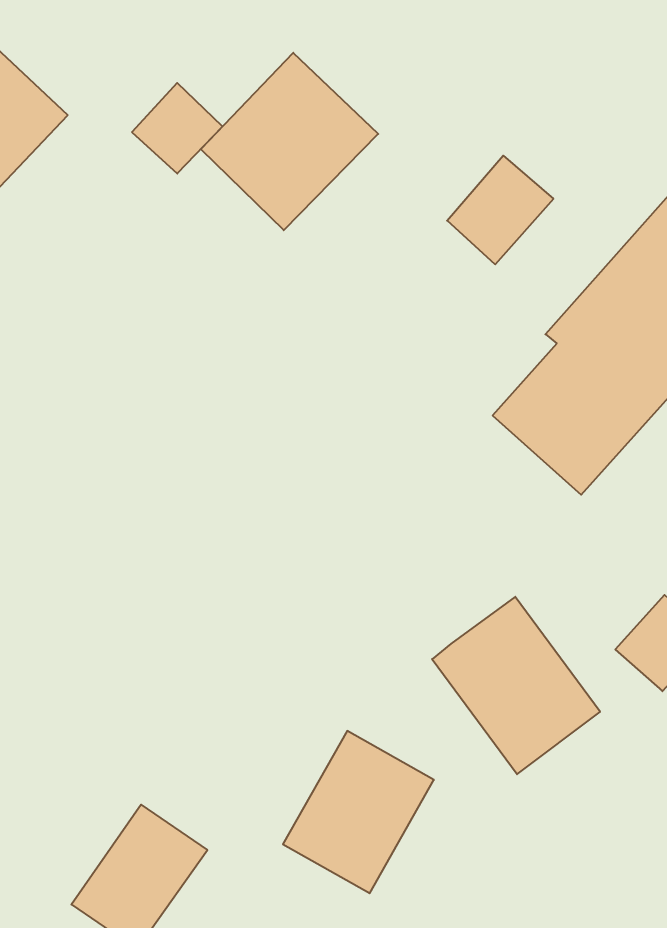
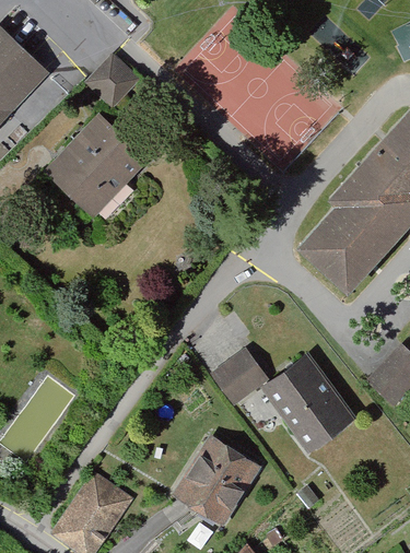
building: [201,53,378,230] -> [45,116,148,219]
building: [447,156,553,264] -> none
building: none -> [211,349,272,408]

